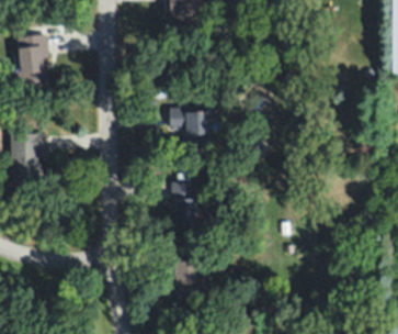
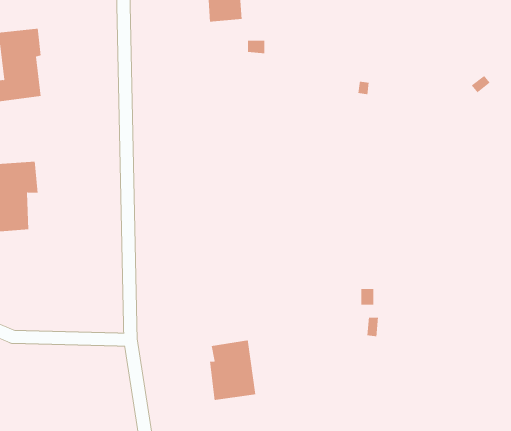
building: [168,104,220,144] -> none
building: [170,178,201,223] -> none

